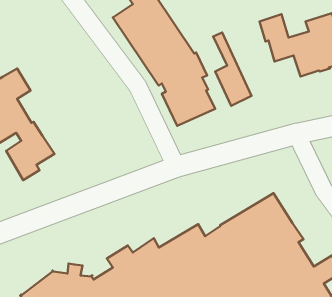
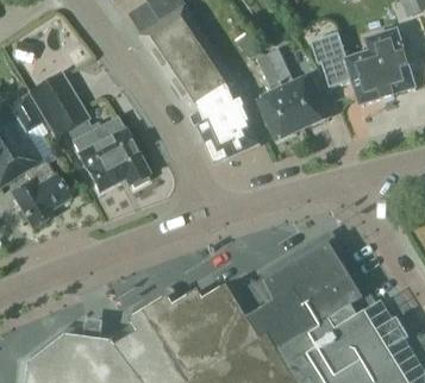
building: none -> [268,48,329,127]
building: none -> [30,74,148,192]

